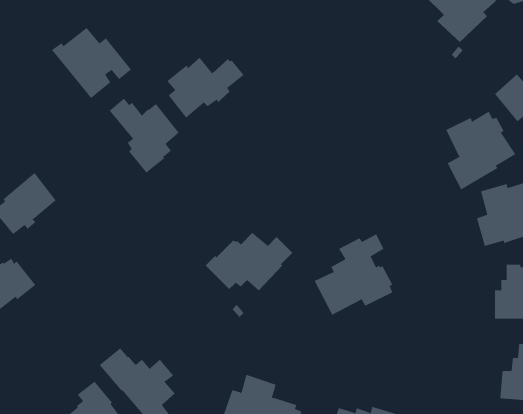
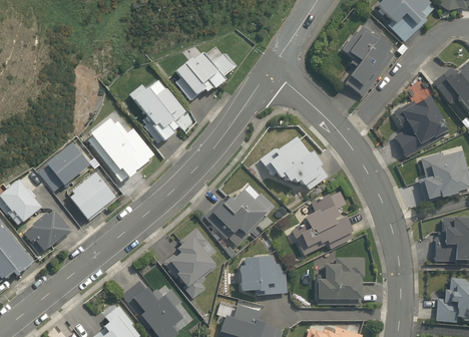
building: none -> [343,23,394,96]
building: [51,27,132,99] -> [90,122,153,179]
building: none -> [260,135,327,189]
building: none -> [70,170,117,220]
building: none -> [170,228,217,298]
building: none -> [240,254,287,293]
building: none -> [317,257,365,305]

